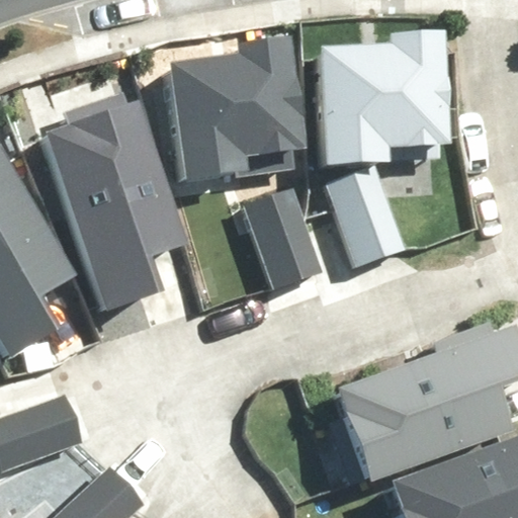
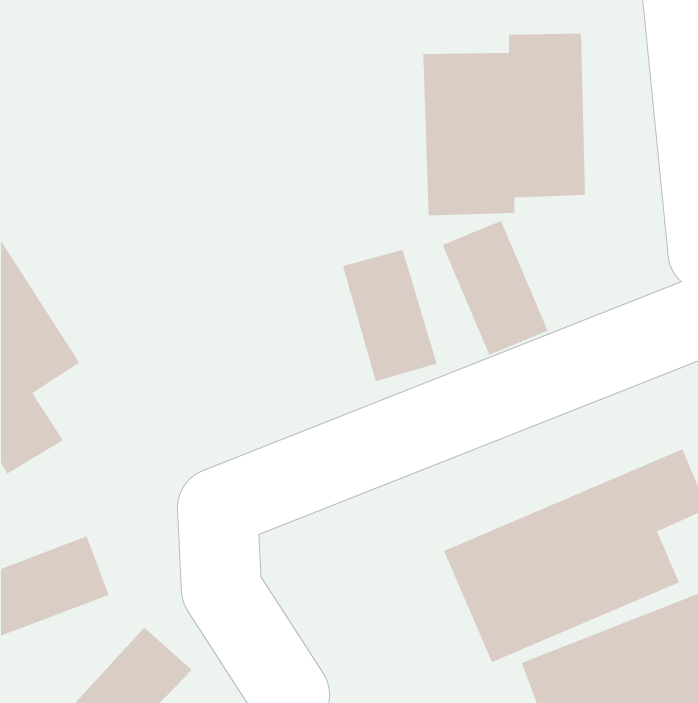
building: [164,36,296,184] -> none
building: [52,104,178,312] -> none

